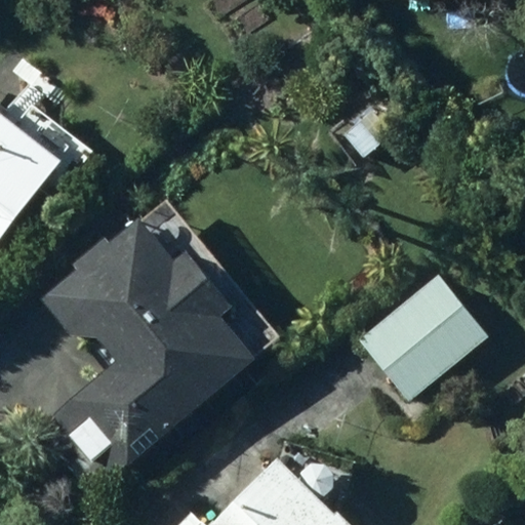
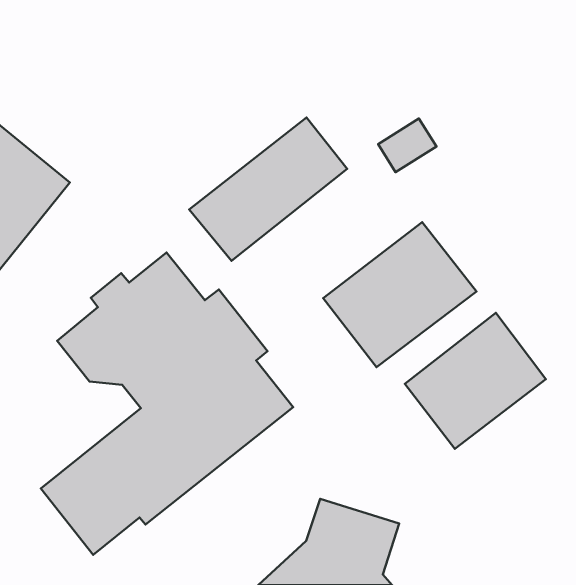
building: none -> [189,117,347,261]
building: none -> [323,222,477,367]

